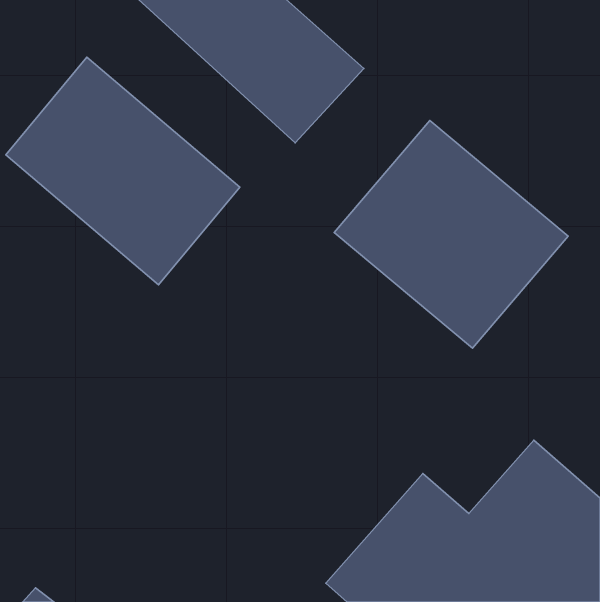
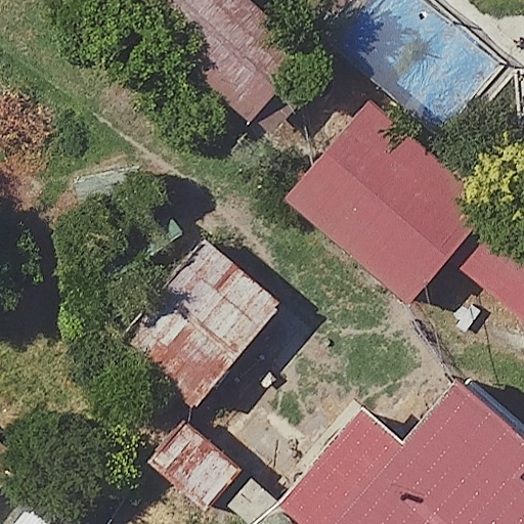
building: [6,57,240,285] -> none
building: none -> [123,244,280,407]

